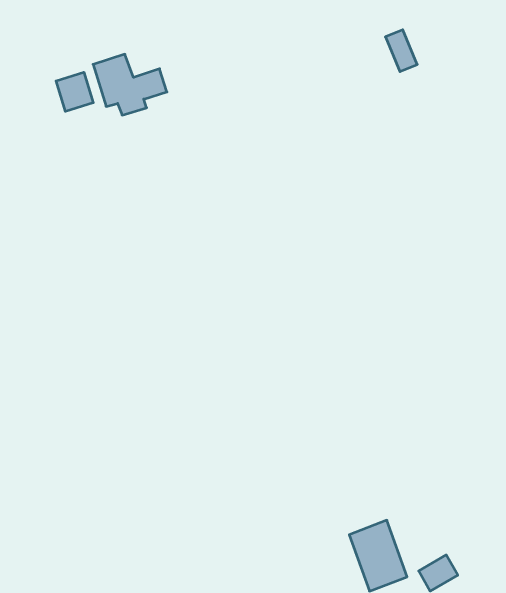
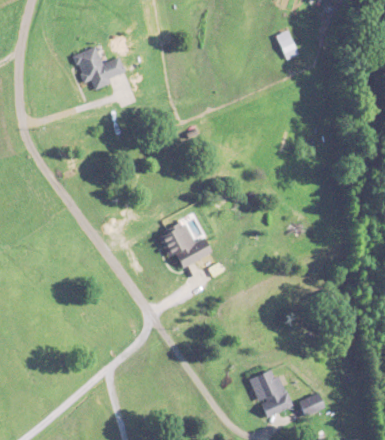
building: [56,72,93,111] -> none
building: none -> [158,222,213,269]

